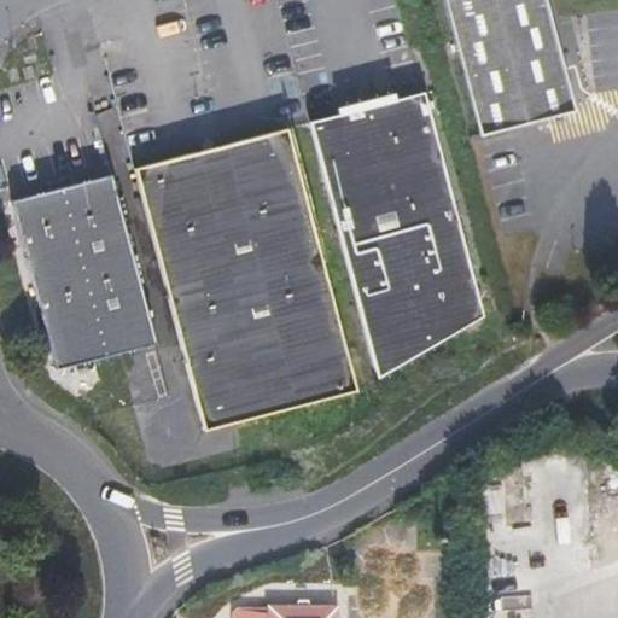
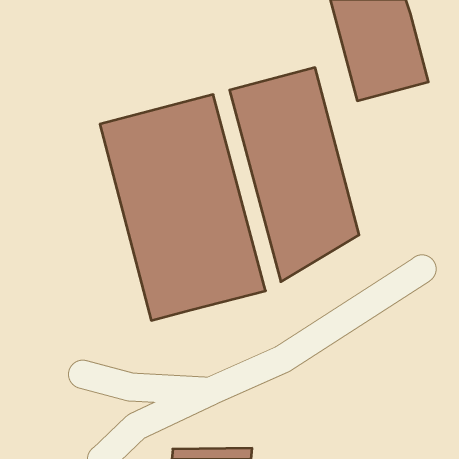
building: [12,173,154,368] -> none

